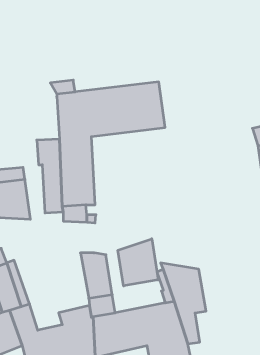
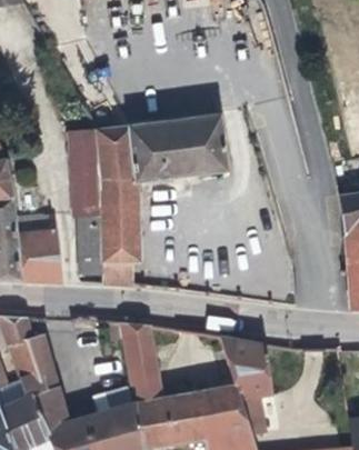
building: none -> [66,132,97,186]
building: [118,239,158,286] -> none

